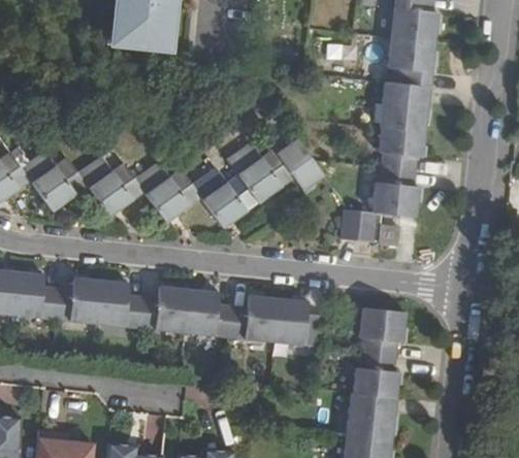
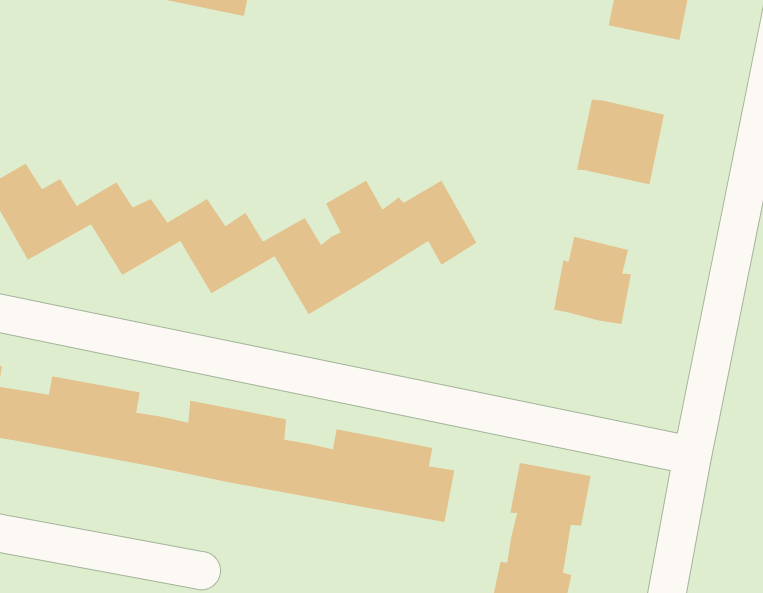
building: [387,36,434,87] -> none
building: [380,125,424,170] -> none
building: [340,207,398,244] -> none

